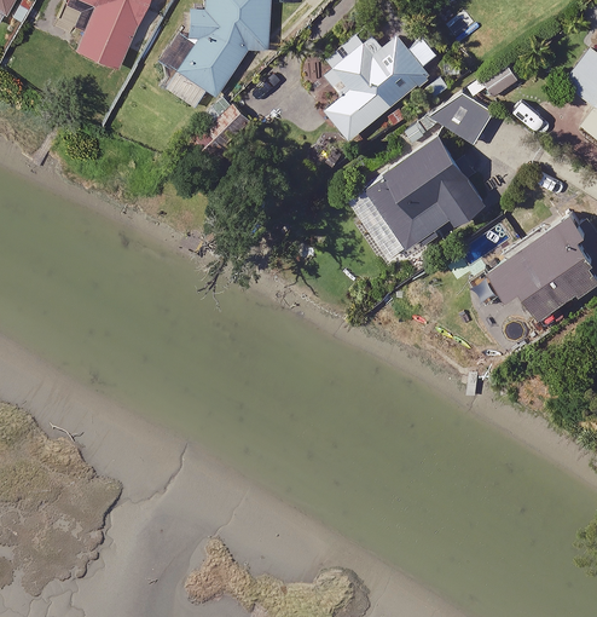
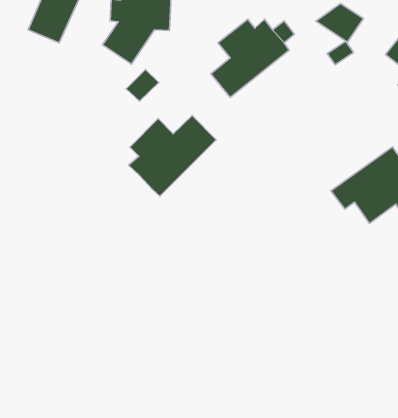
building: [429,93,494,146] -> [316,4,364,42]
building: [361,134,488,250] -> none
building: none -> [128,115,216,196]

